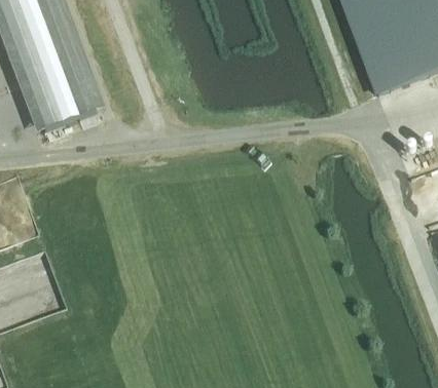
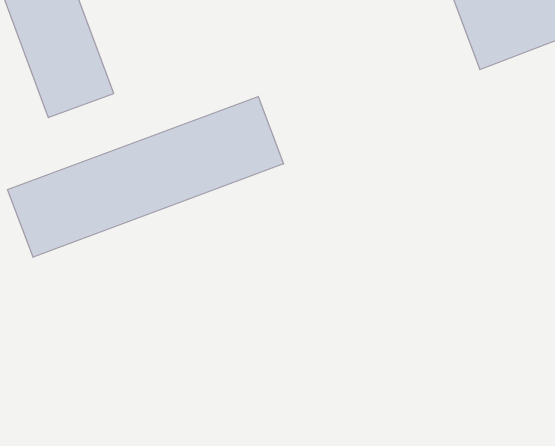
building: none -> [8,96,284,257]

